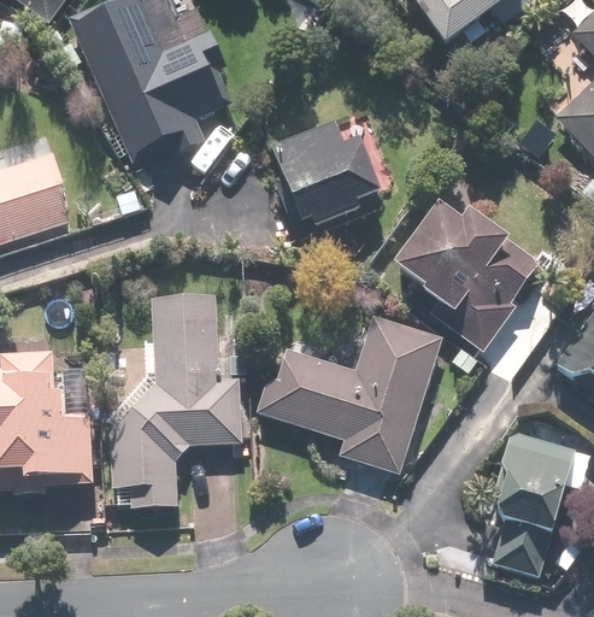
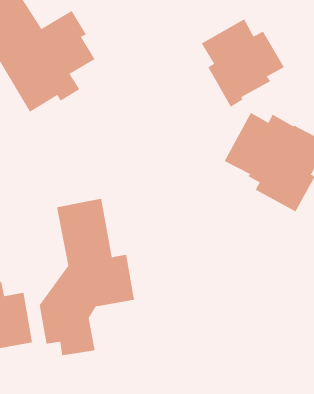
building: [269,118,381,239] -> [201,19,285,107]
building: [257,313,442,472] -> none

